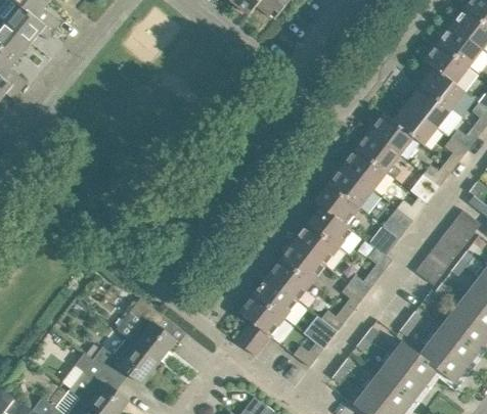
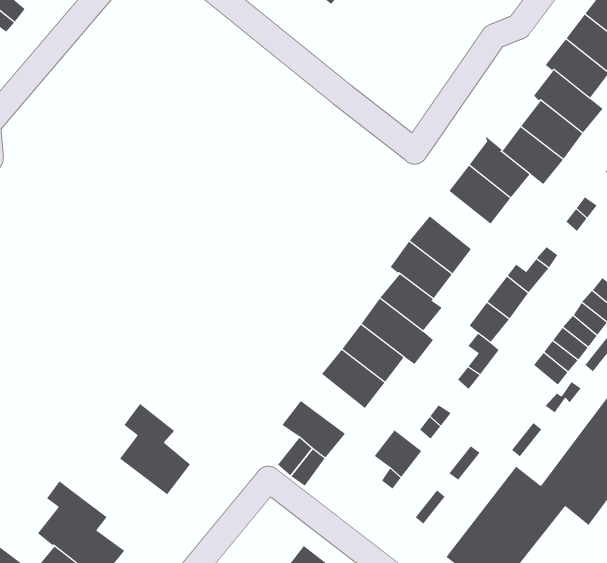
building: [343,149,386,190] -> none
building: [253,277,298,319] -> none
building: [92,336,160,384] -> none

